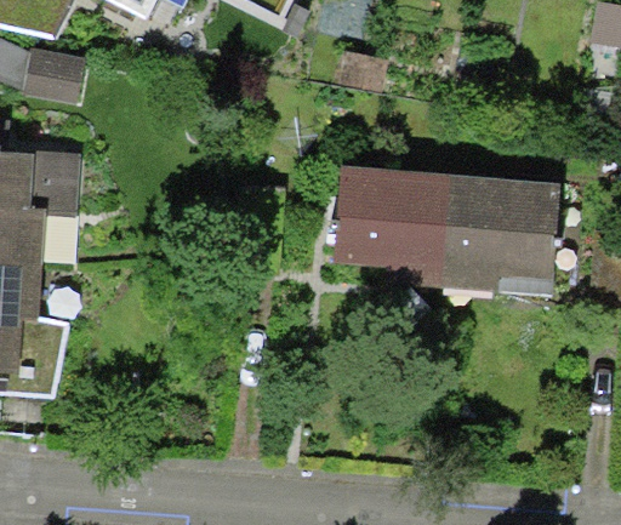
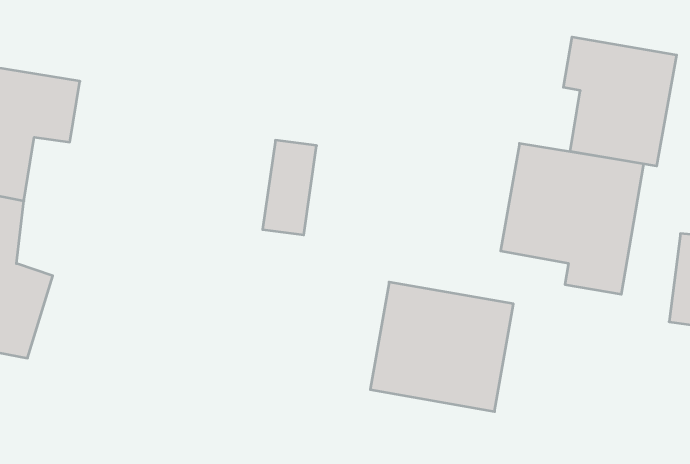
building: none -> [563,37,677,166]
building: [336,166,450,267] -> [370,282,513,412]

